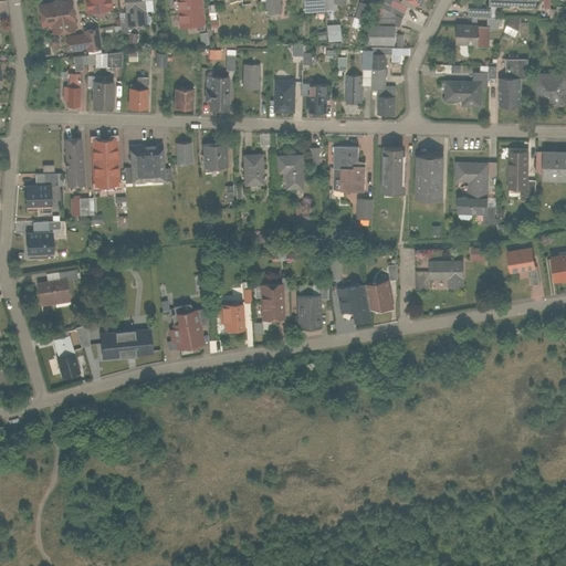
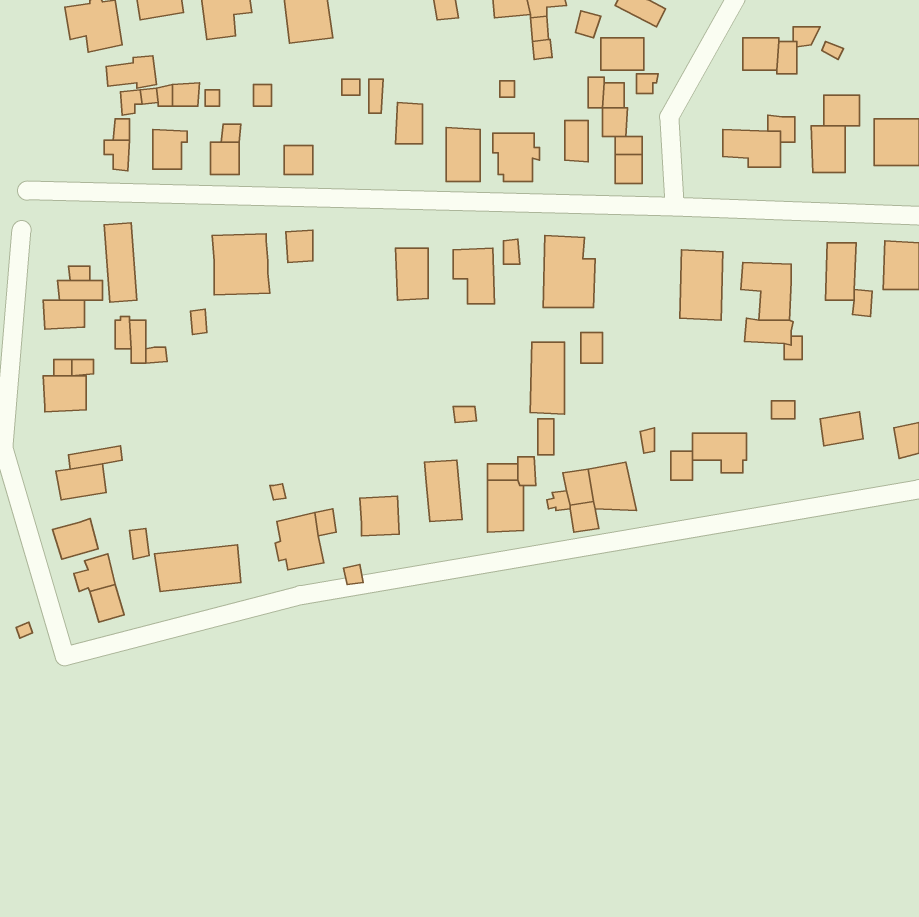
building: [207,75,228,108] -> none
building: [92,137,119,185] -> none
building: [203,142,228,166] -> none
building: [384,147,405,191] -> [530,342,564,414]
building: none -> [53,519,98,559]

